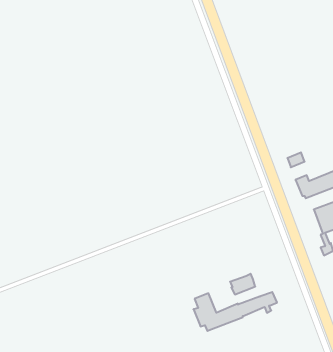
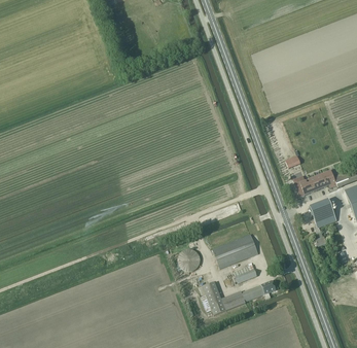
building: none -> [213,234,258,268]
building: none -> [178,248,201,271]

